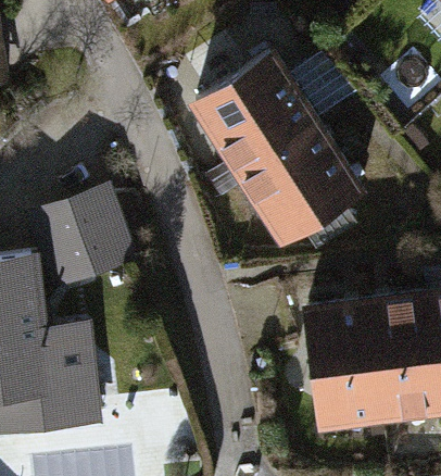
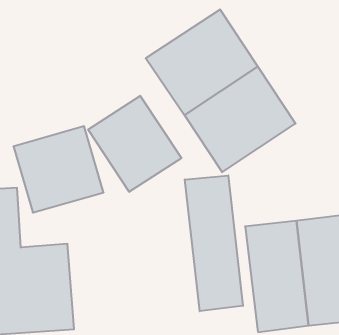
building: none -> [88,96,181,192]
building: none -> [185,175,243,311]

